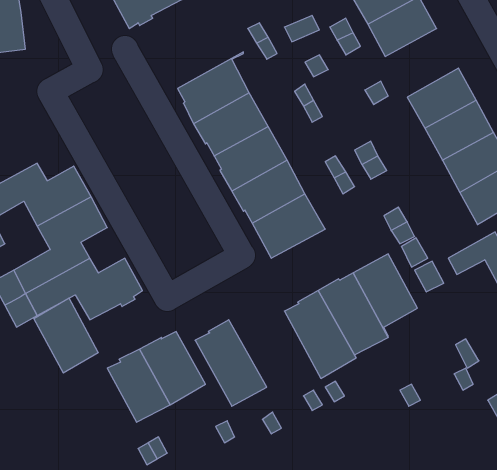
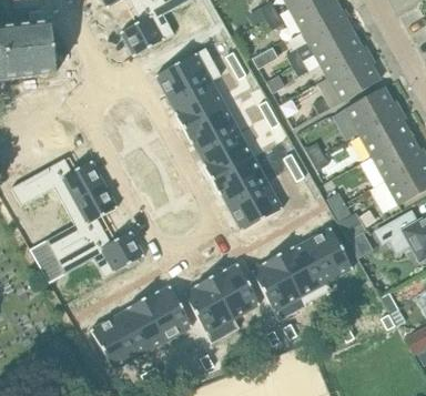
building: none -> [154,47,220,101]
building: none -> [327,55,379,101]
building: [34,298,98,373] -> [90,313,139,369]
building: none -> [209,263,258,327]

